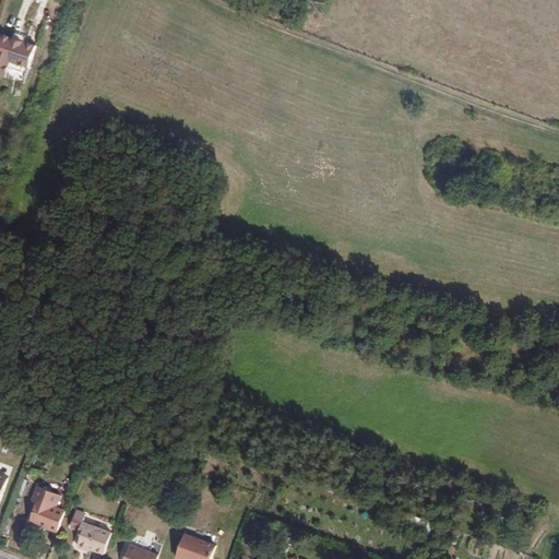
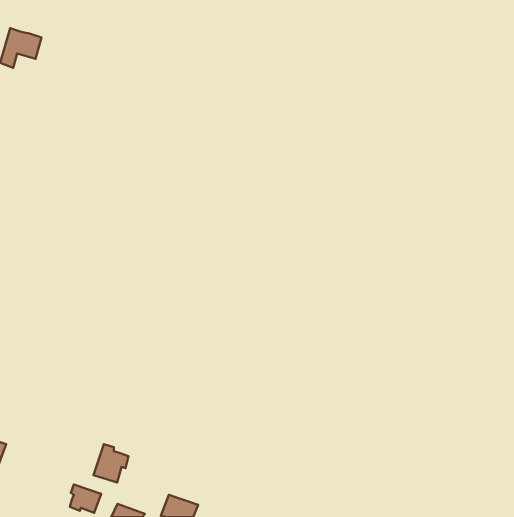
building: none -> [93,444,129,482]
building: [21,486,62,532] -> none

